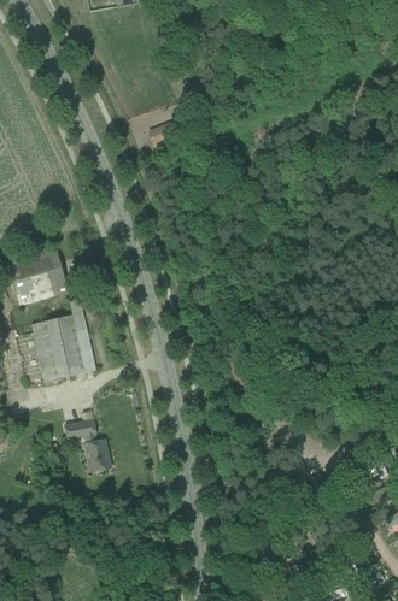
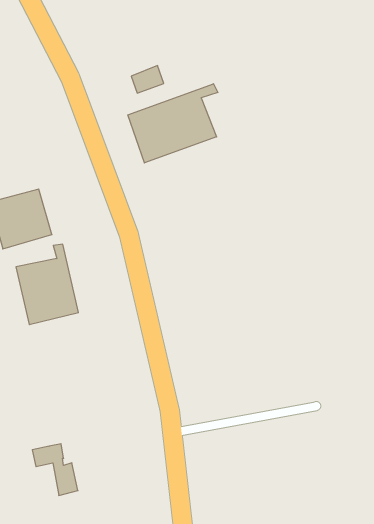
building: none -> [128,84,218,163]
building: [65,419,111,471] -> [32,444,78,495]

